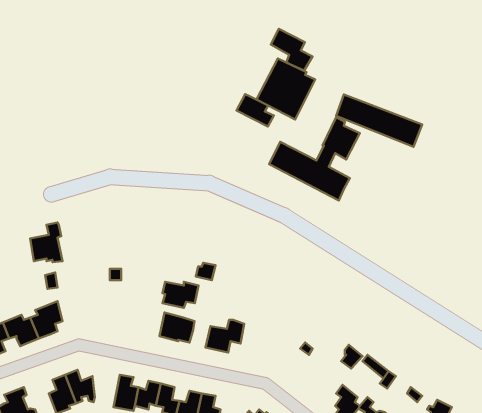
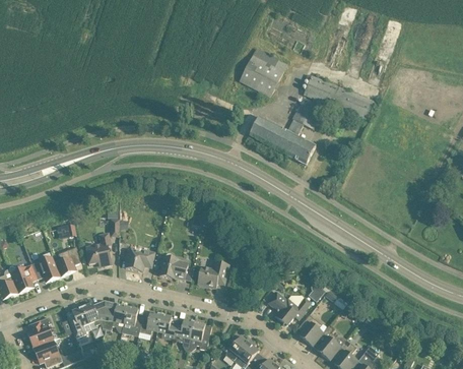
building: [271,29,313,71] -> none
building: [237,94,274,127] -> none
building: [30,222,63,262] -> [85,233,112,265]
building: [163,282,199,308] -> [125,249,154,270]
building: none -> [267,291,310,325]
building: none -> [105,304,127,332]

